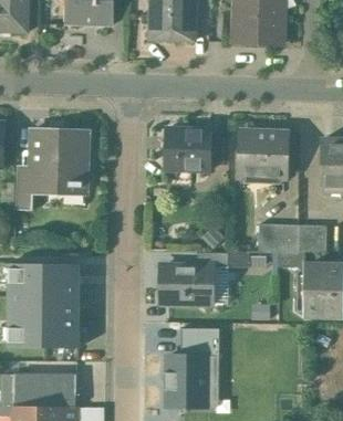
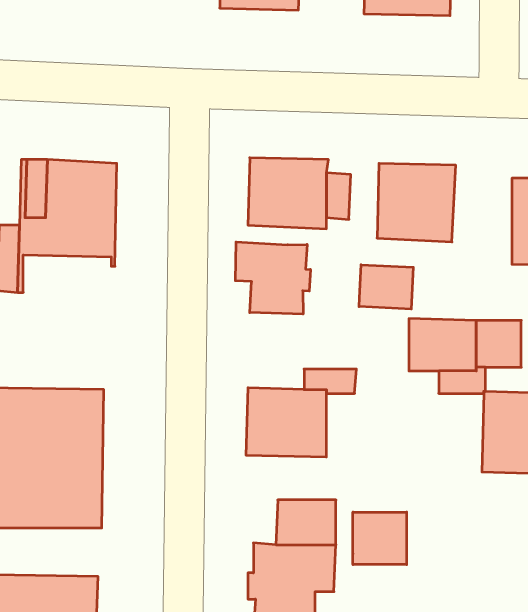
building: none -> [235,242,310,314]
building: none -> [359,265,413,309]
building: none -> [353,512,407,565]

